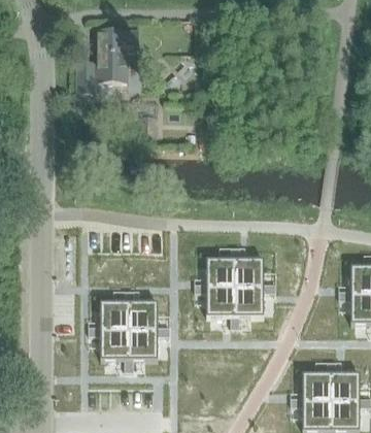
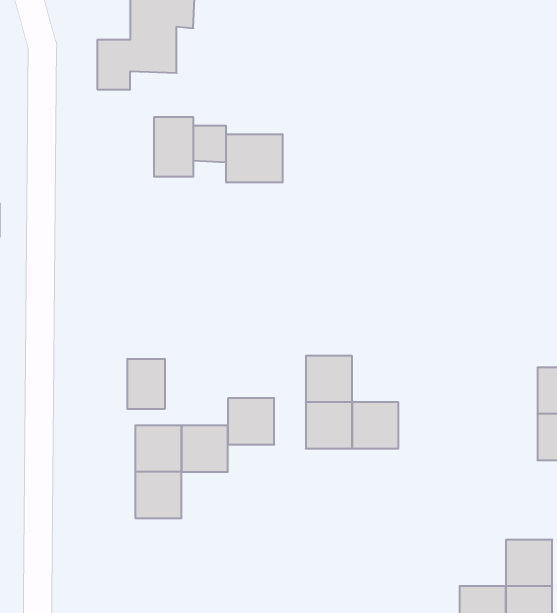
building: none -> [154,117,193,177]
building: none -> [226,134,282,183]
building: [233,259,262,288] -> none
building: none -> [127,359,165,409]
building: [127,331,156,360] -> [228,398,274,445]
building: [300,373,329,402] -> none

